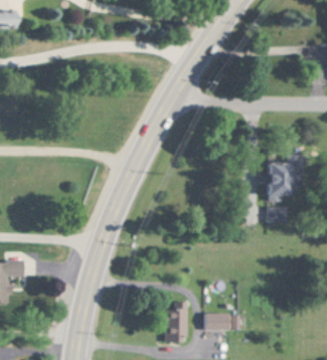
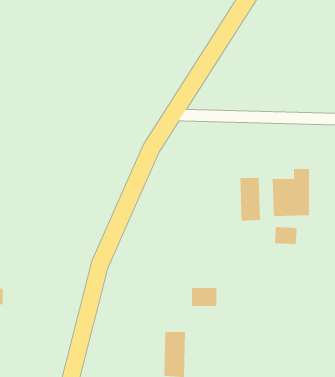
building: none -> [240,177,261,222]
building: [206,312,229,329] -> [191,288,217,307]

